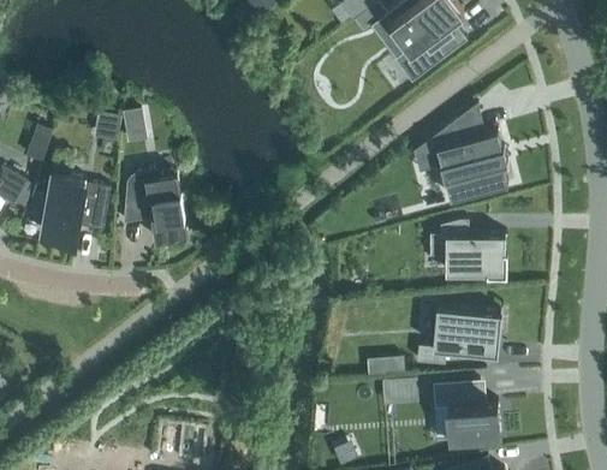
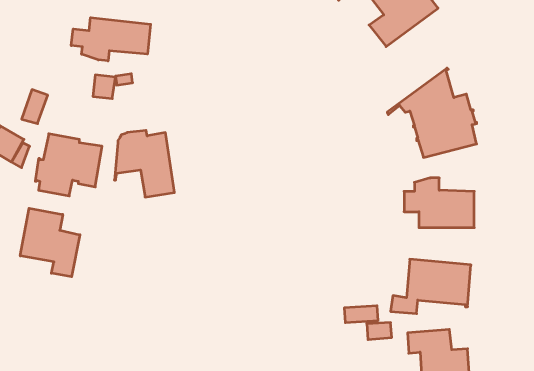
building: none -> [71,18,151,61]
building: none -> [20,208,80,277]

